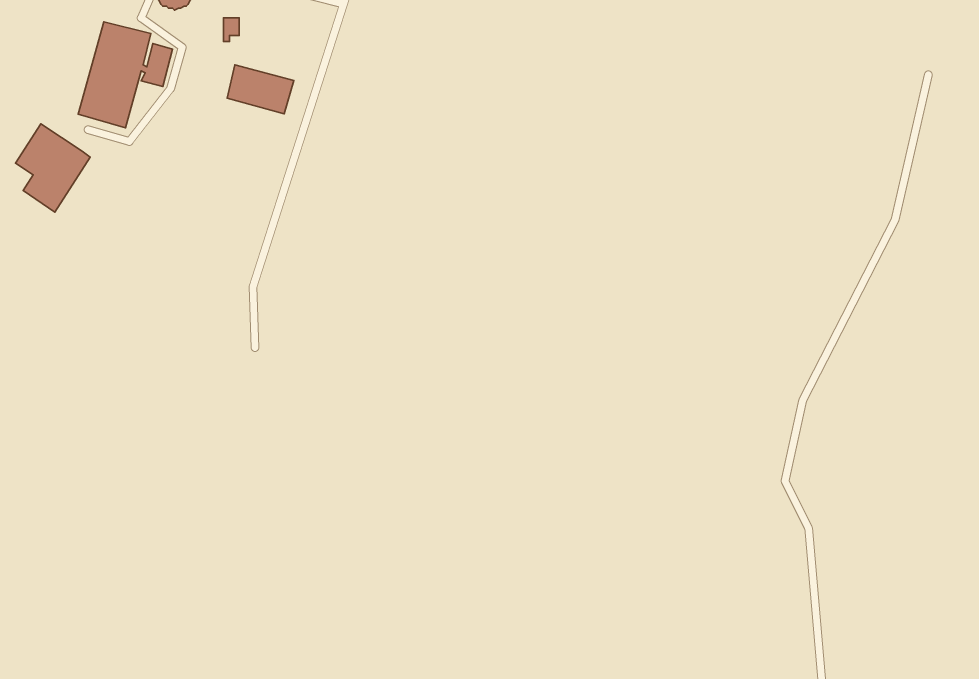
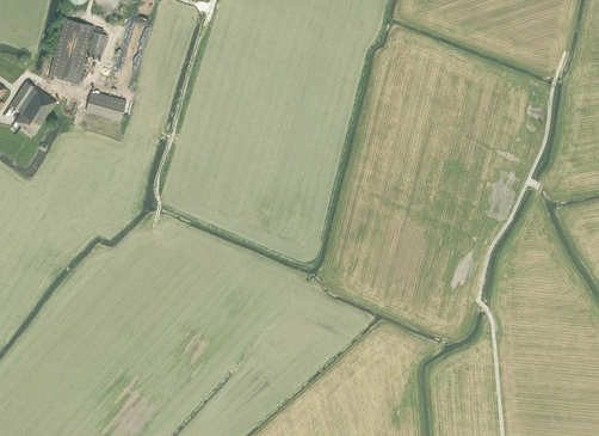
building: [227,65,294,114] -> [85,91,125,121]

